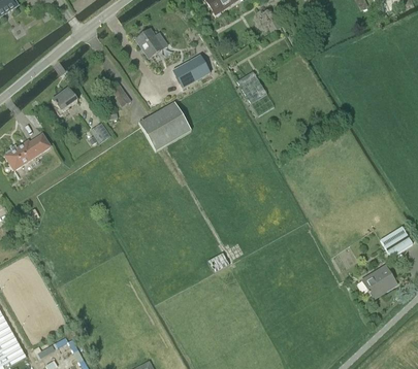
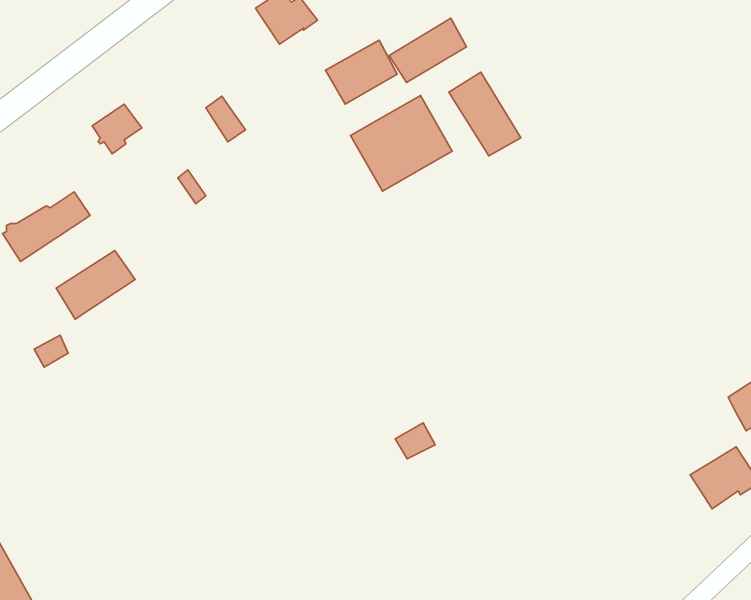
building: none -> [389,18,467,82]
building: [138,101,191,150] -> [351,95,452,191]
building: none -> [56,250,135,319]

